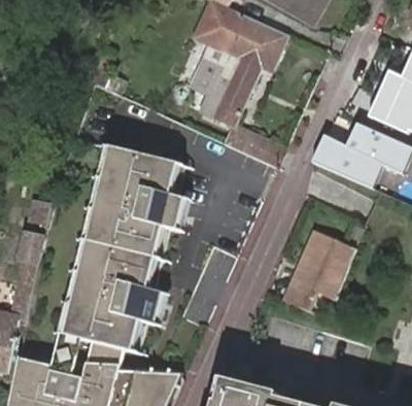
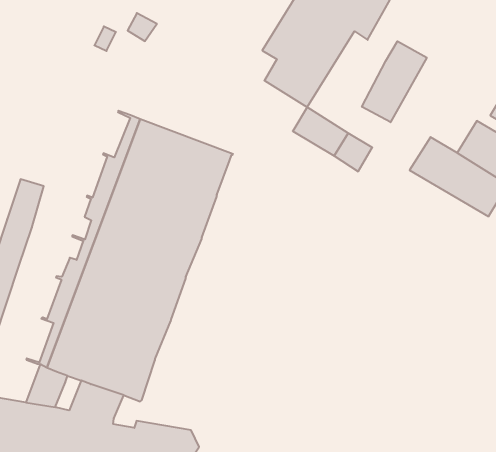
building: none -> [362,41,427,122]
building: [276,225,358,317] -> none

